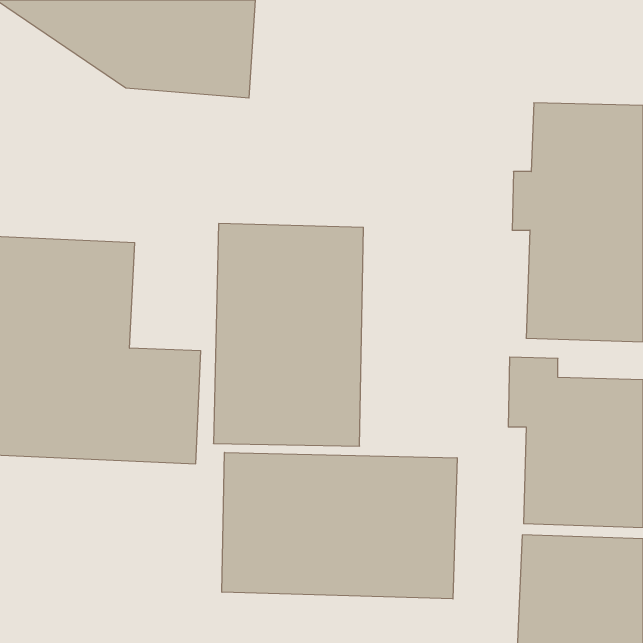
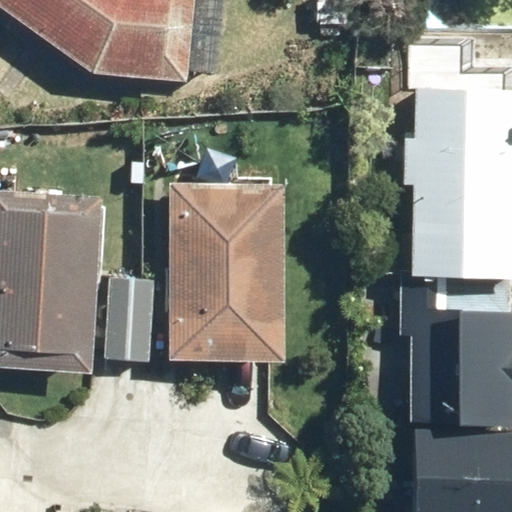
building: [222,452,457,599] -> none

